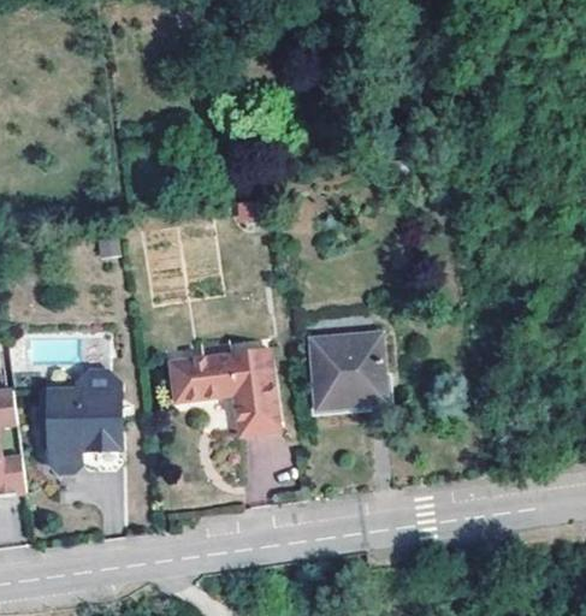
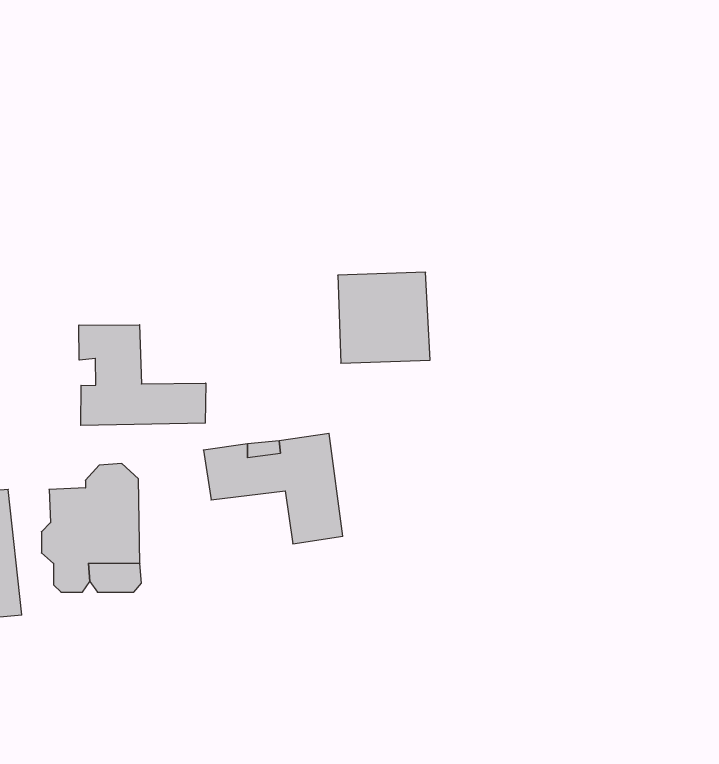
building: none -> [79,325,206,425]
building: [310,337,384,409] -> [338,272,430,363]

